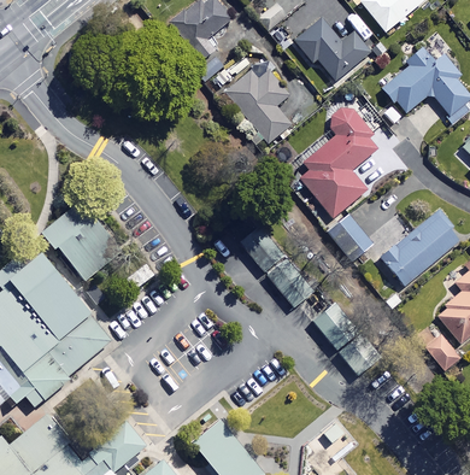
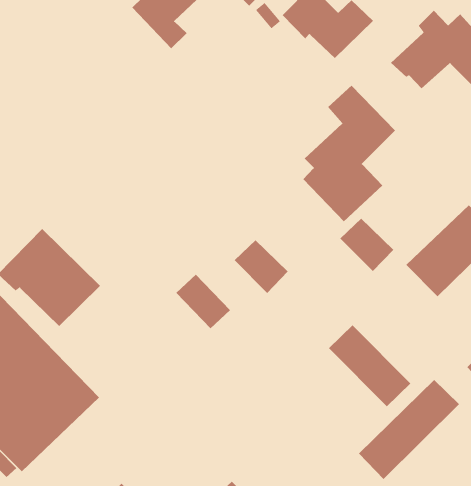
building: [224,69,290,142] -> none
building: [265,258,310,305] -> [176,274,231,329]
building: none -> [358,379,460,480]

